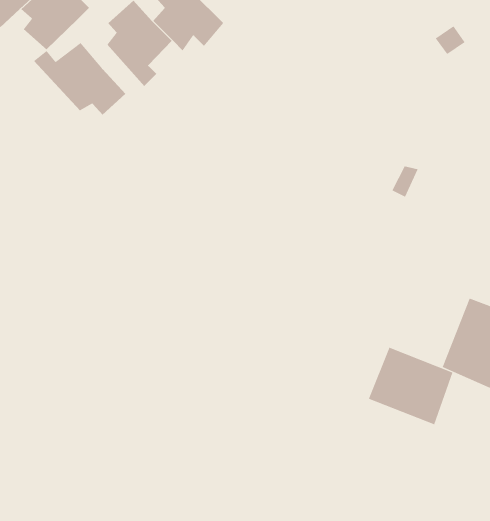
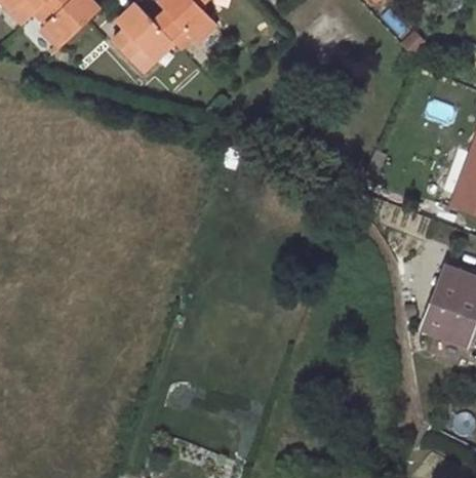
building: [33,42,126,115] -> none
building: [368,347,453,425] -> none

